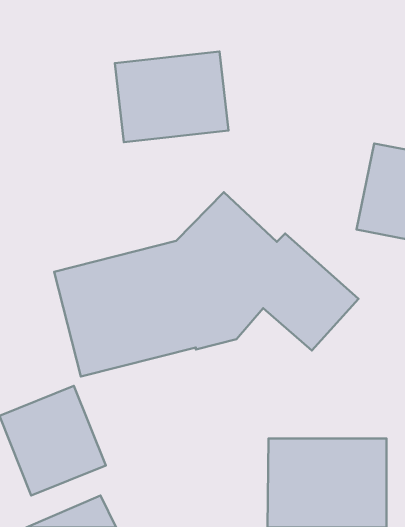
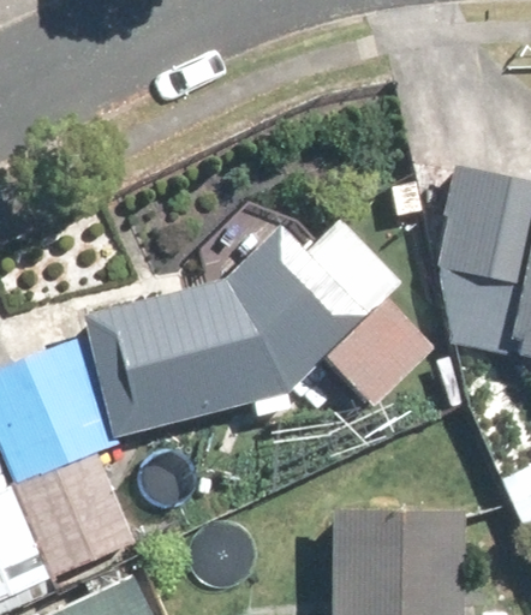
building: [115,51,228,142] -> none

